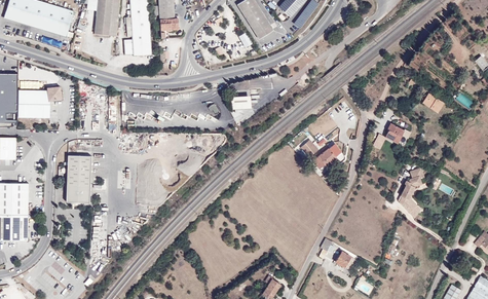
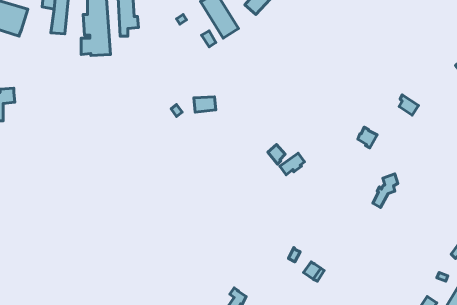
building: [66,155,91,202] -> none

